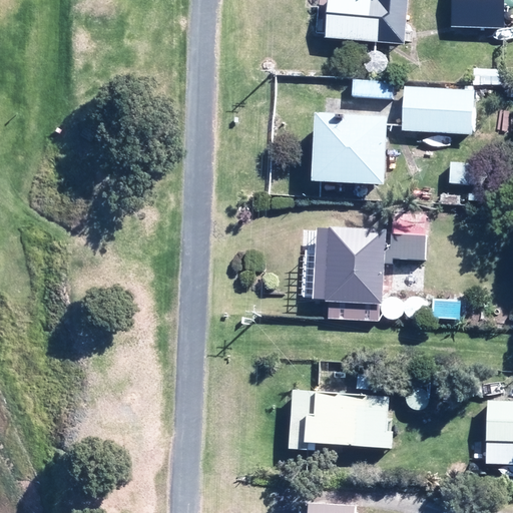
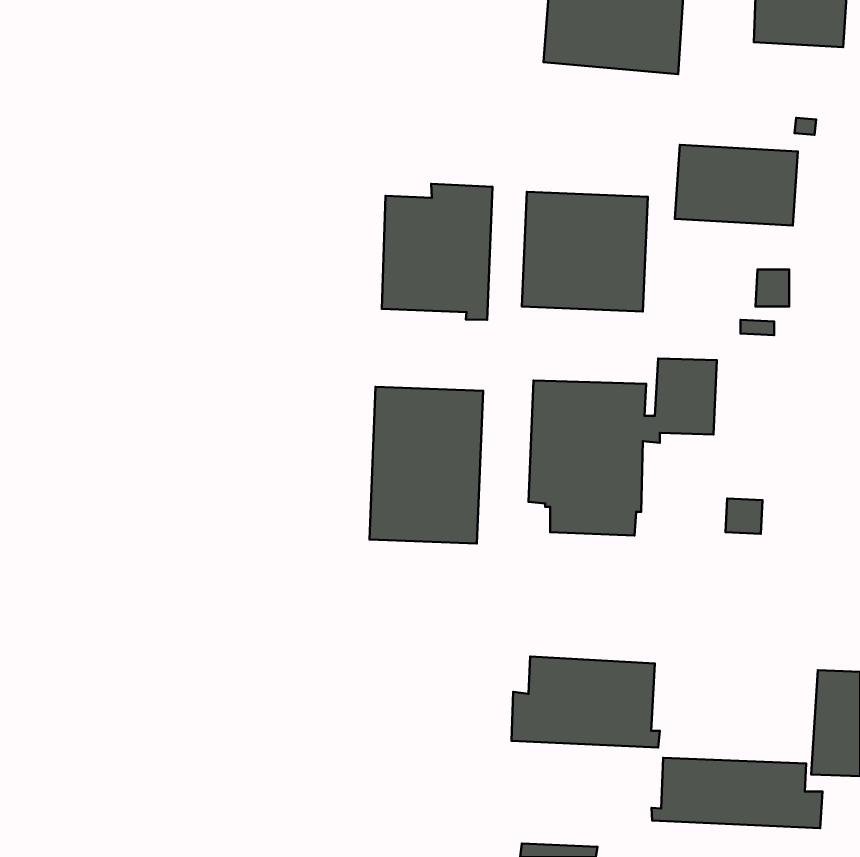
building: none -> [382,184,493,320]
building: none -> [369,387,483,544]
building: none -> [652,758,822,828]

